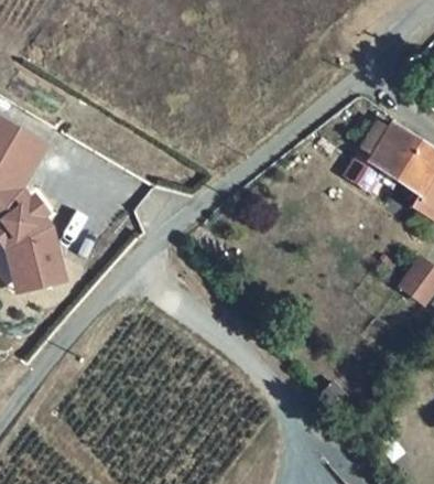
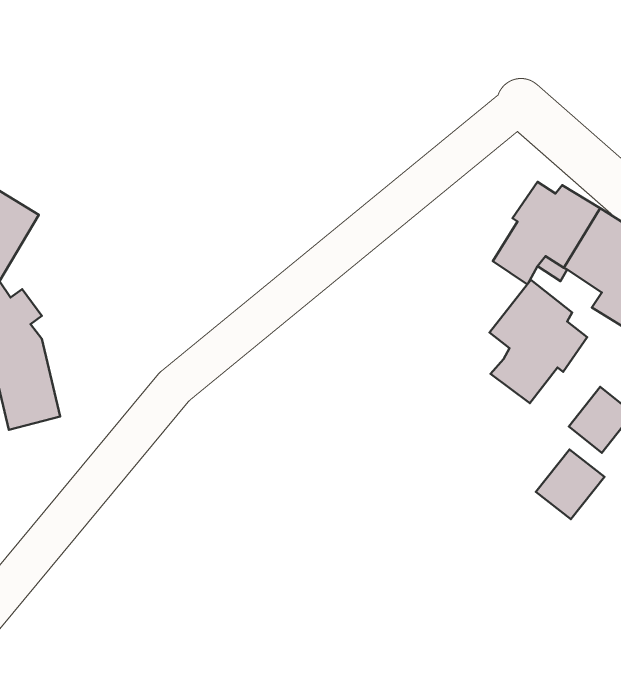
building: none -> [489,280,587,403]
building: none -> [536,450,604,519]

